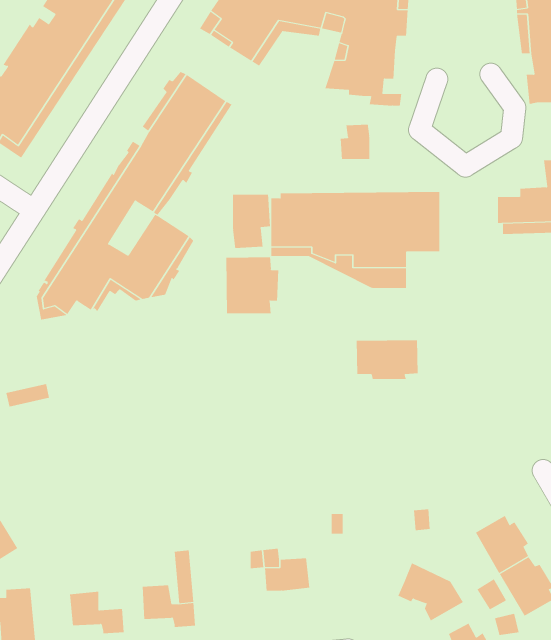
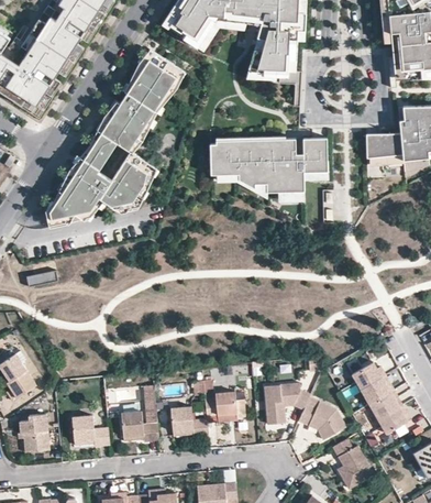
building: [340,124,370,160] -> none
building: [232,194,270,249] -> none
building: [226,257,279,314] -> none
building: [356,339,418,380] -> none
building: none -> [265,389,309,423]
building: none -> [172,406,208,437]

